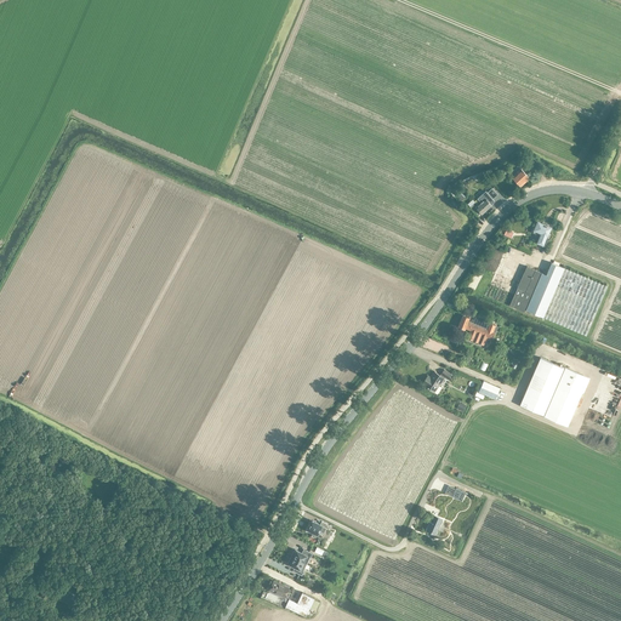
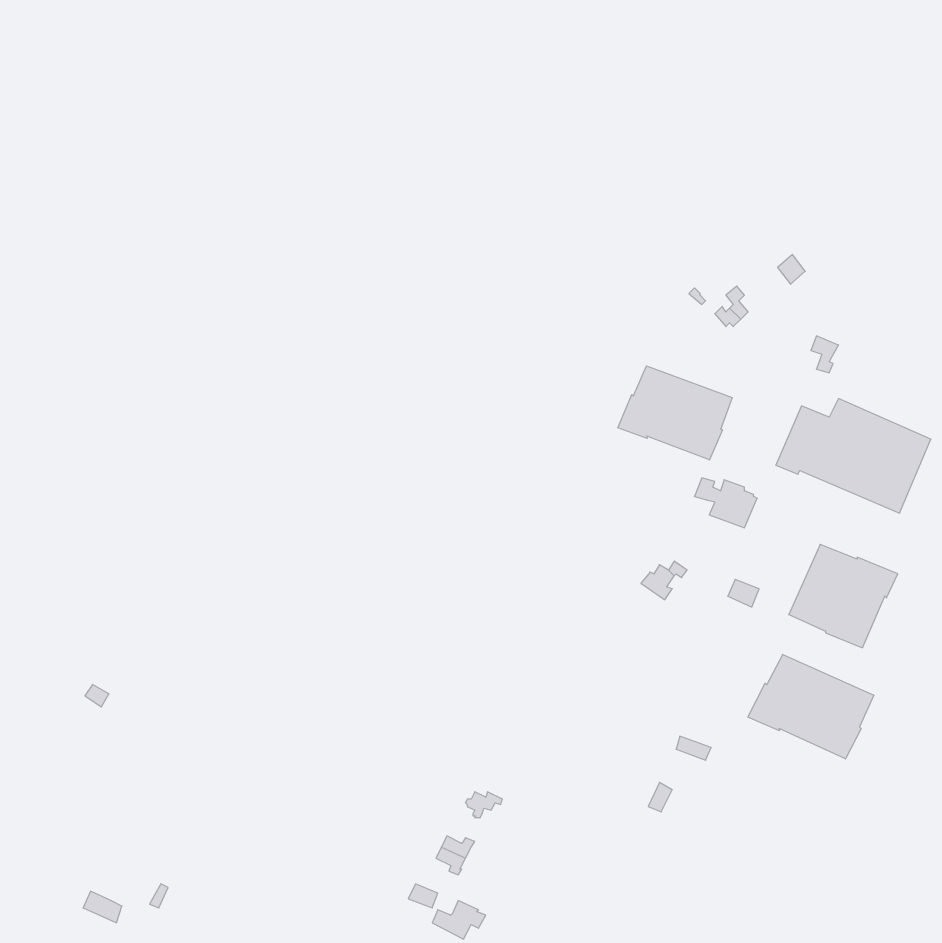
building: none -> [618,366,732,460]
building: none -> [748,654,874,759]

